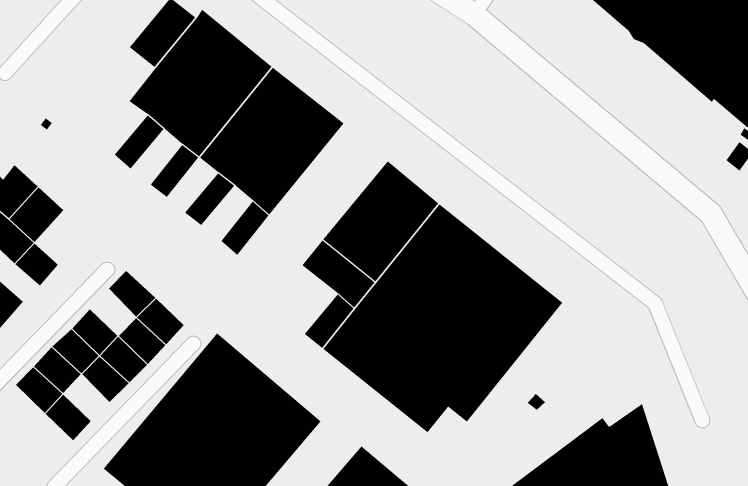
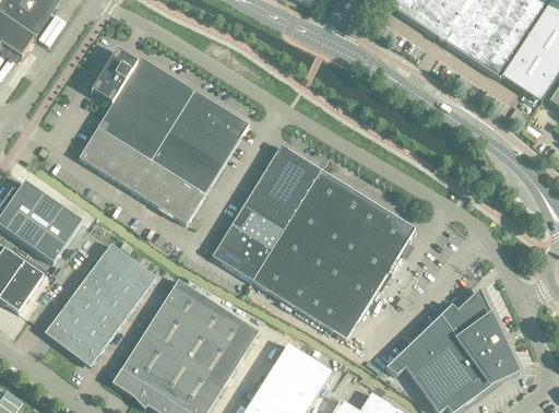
building: none -> [80,127,112,165]
building: none -> [106,143,139,182]
building: none -> [133,160,166,199]
building: none -> [159,176,192,215]
building: none -> [46,208,83,246]
building: none -> [213,225,259,272]
building: none -> [90,258,122,290]
building: none -> [79,319,111,351]

